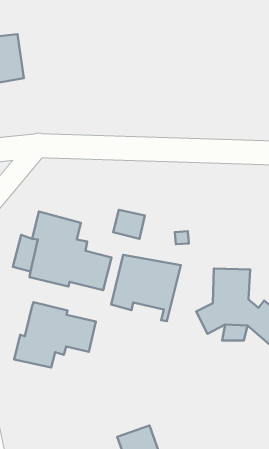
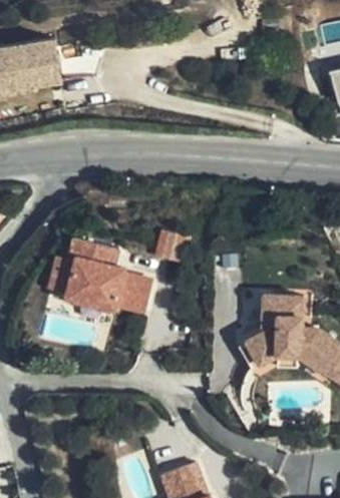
building: [111,255,181,321] -> none
building: [14,302,96,367] -> none

